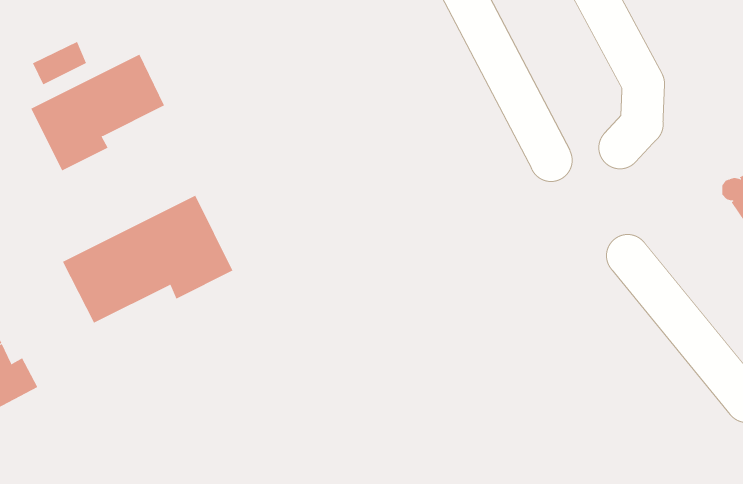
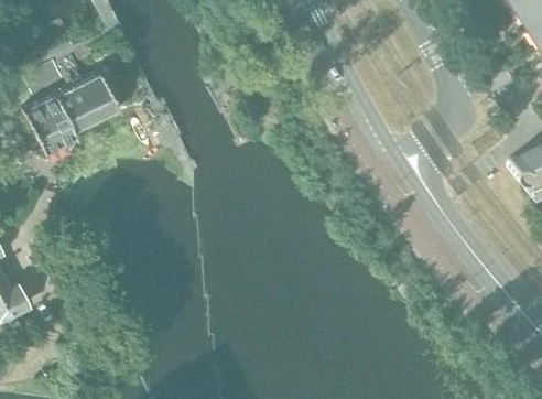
building: [62,195,233,323] -> none

